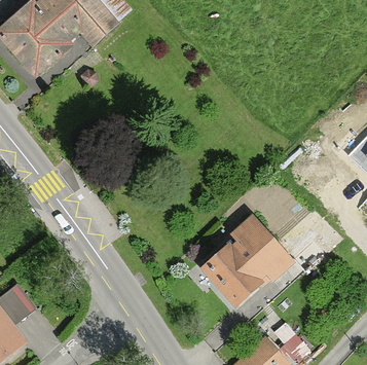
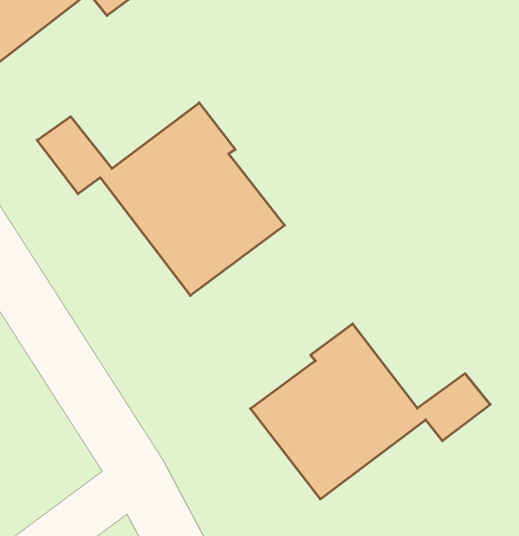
building: none -> [37,103,285,296]

